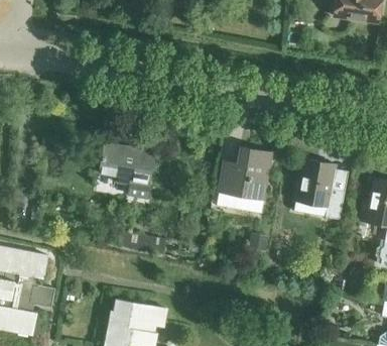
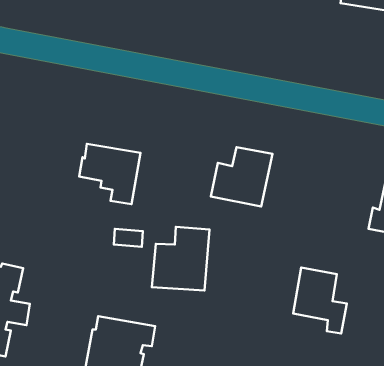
building: [295,159,344,219] -> [293,268,347,334]
building: none -> [152,227,209,290]

